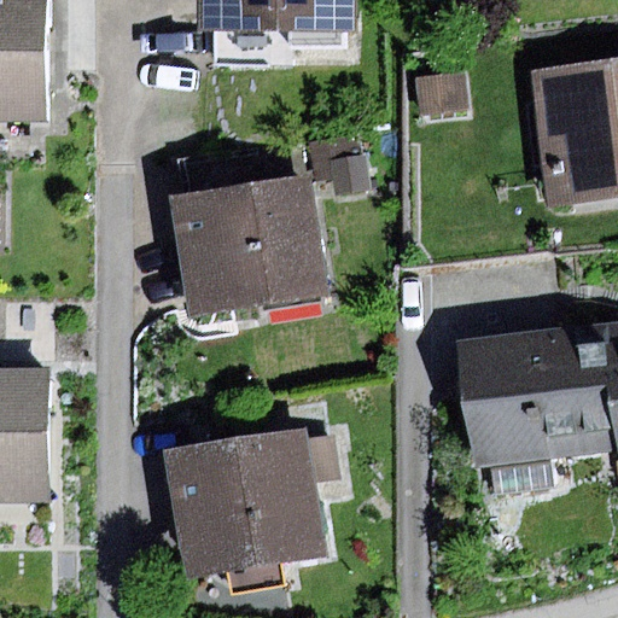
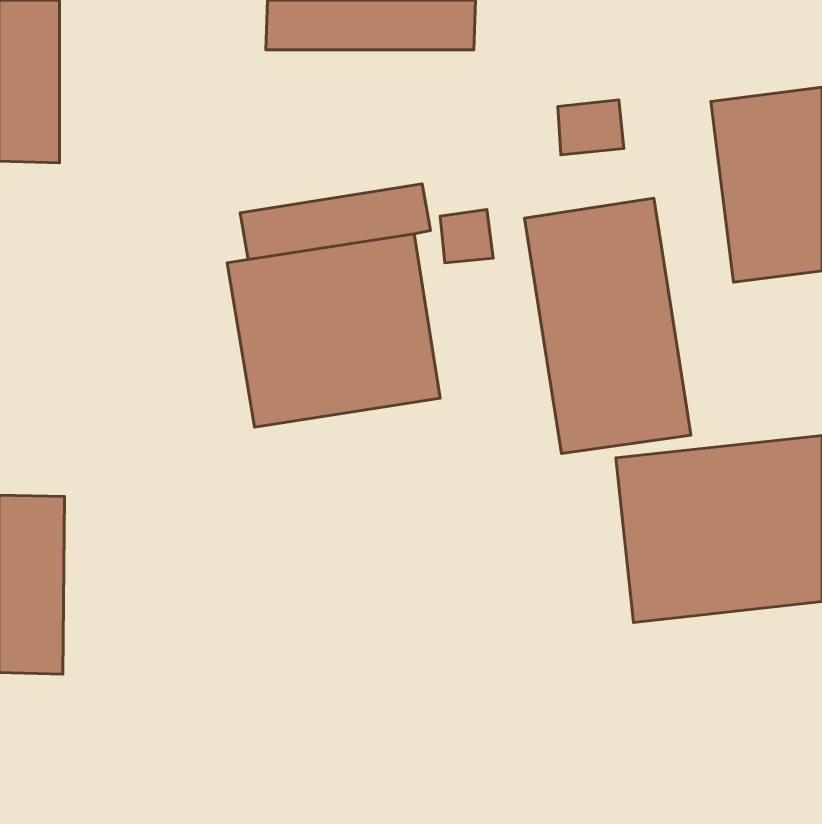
building: none -> [525,198,691,453]
building: [162,428,339,575] -> none

